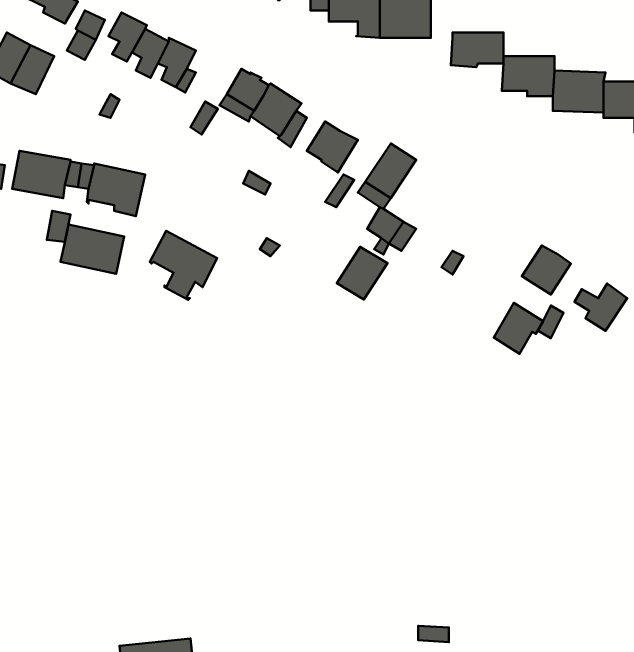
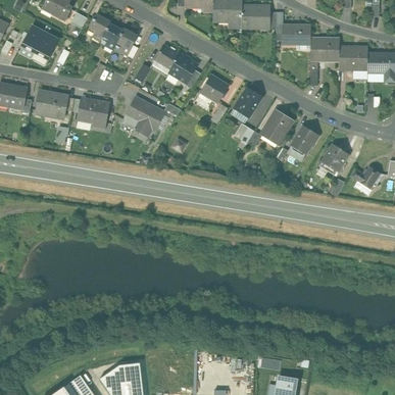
building: [61,225,124,274] -> none
building: [150,231,217,300] -> [126,97,163,136]
building: [337,247,388,299] -> [262,112,291,142]
building: [494,303,543,354] -> [291,126,318,154]

